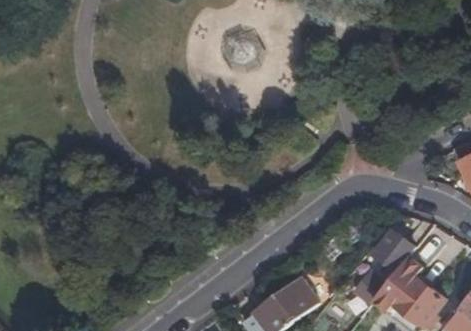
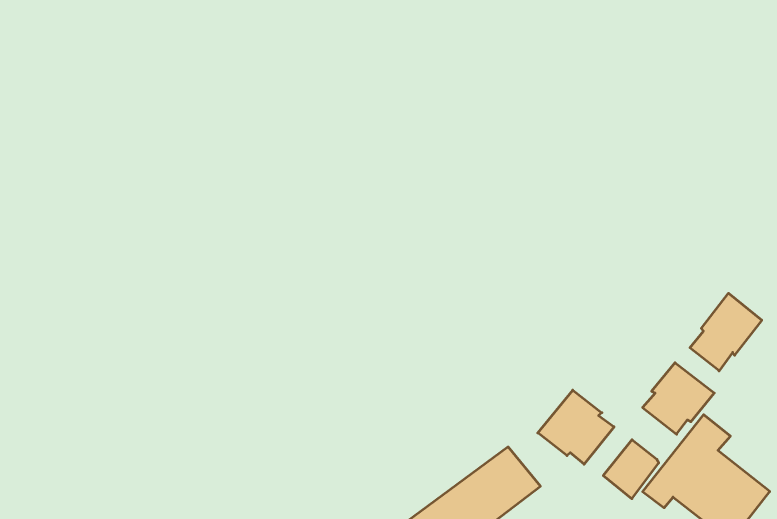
building: none -> [690,293,762,371]
building: none -> [538,390,614,464]

